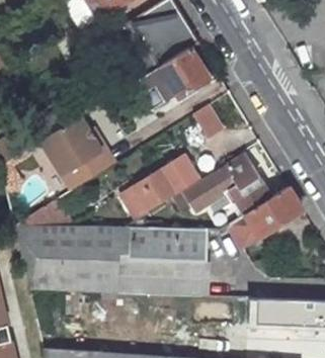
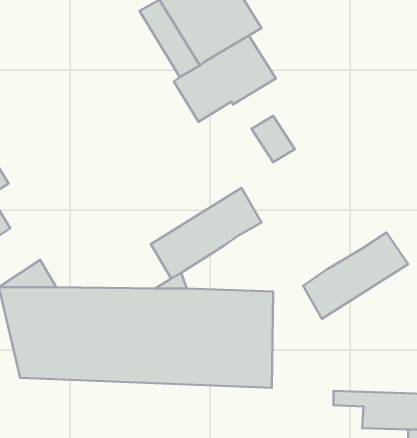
building: [40,116,110,190] -> none
building: [173,155,270,213] -> none

